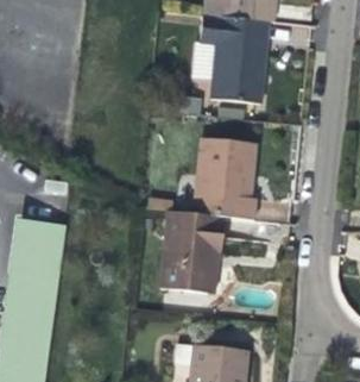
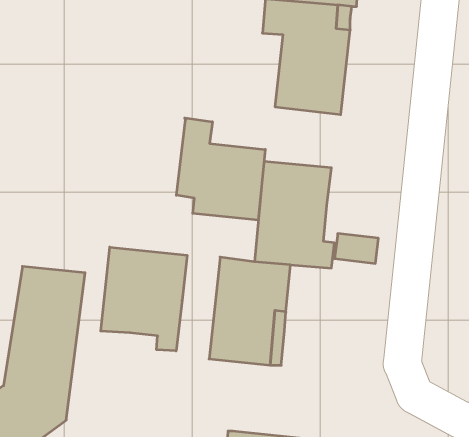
building: none -> [176,118,265,220]
building: none -> [101,247,187,351]

